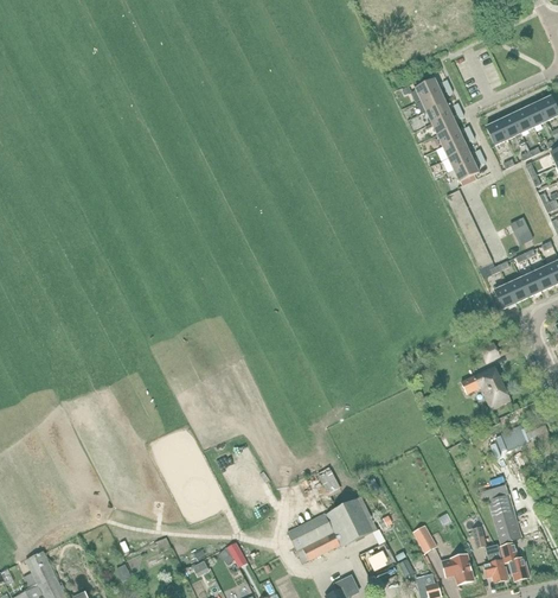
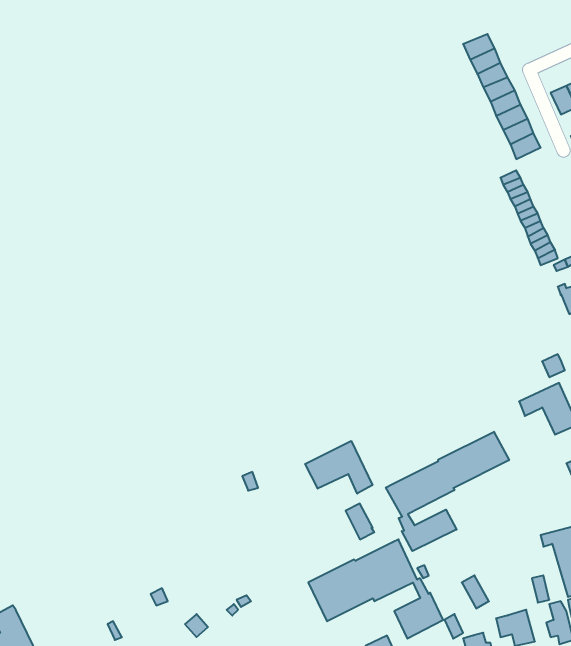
building: none -> [386,432,509,551]
building: none -> [305,441,372,494]

